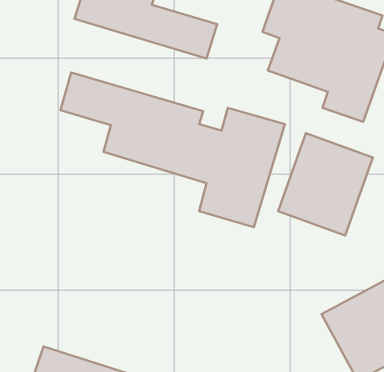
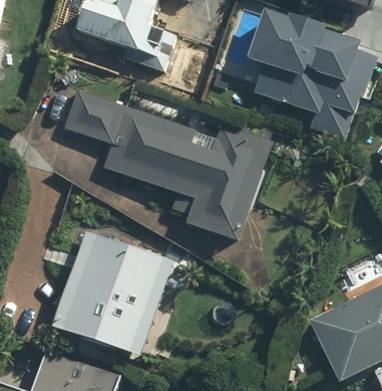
building: [278,133,373,236] -> none
building: none -> [54,232,175,353]

